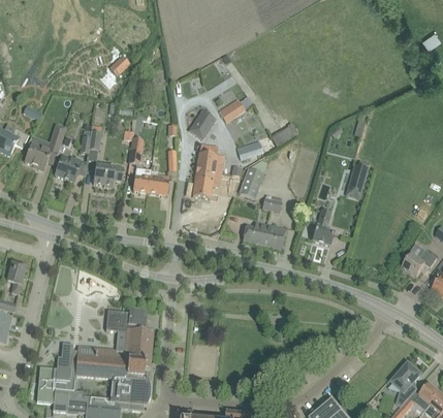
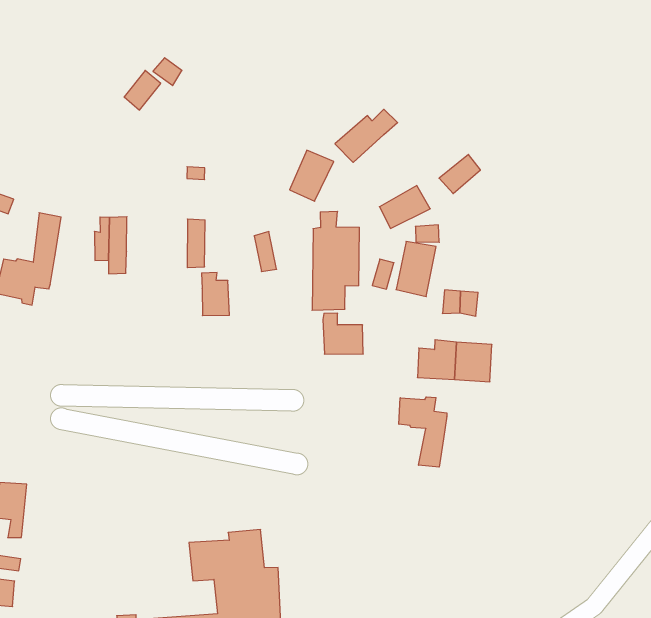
building: [55,146,82,182] -> none
building: [345,163,369,198] -> none
building: [92,164,124,187] -> none
building: [148,170,170,195] -> [323,313,363,354]
building: [313,208,334,245] -> none
building: none -> [399,397,447,467]

